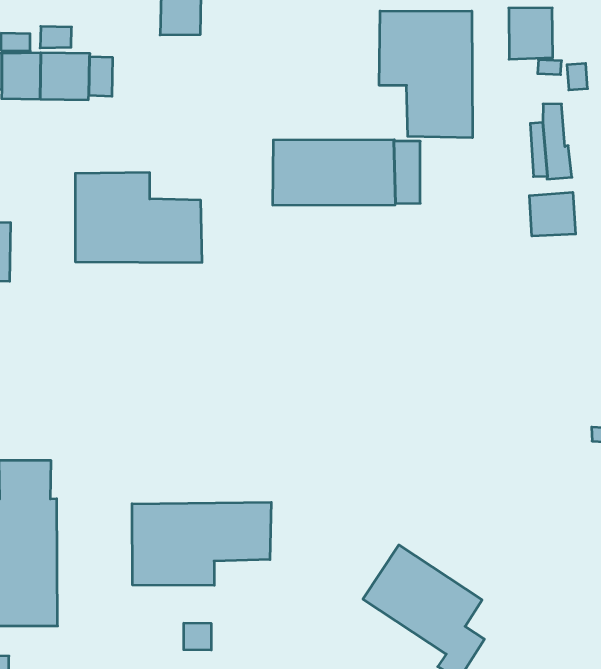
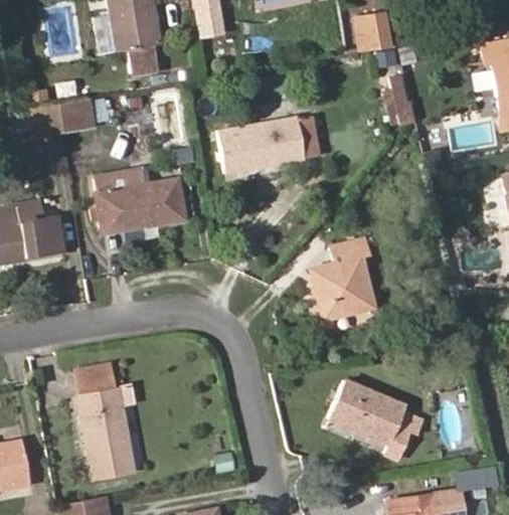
building: [379,11,472,138] -> none
building: [529,192,576,236] -> none
building: none -> [310,238,374,319]
building: [132,502,271,585] -> none

